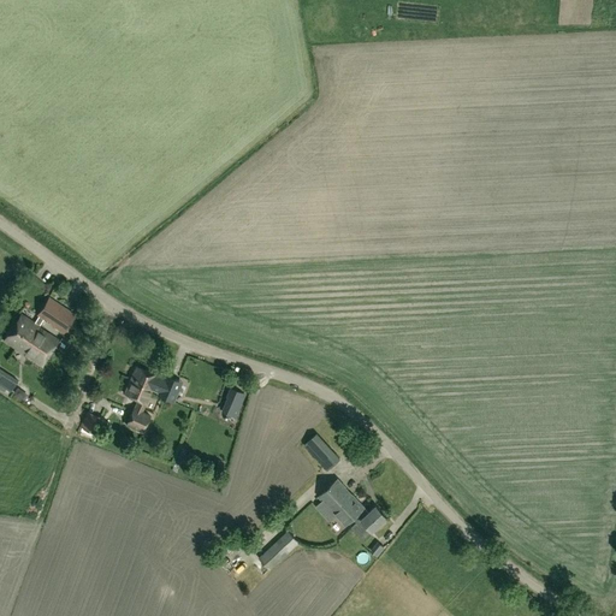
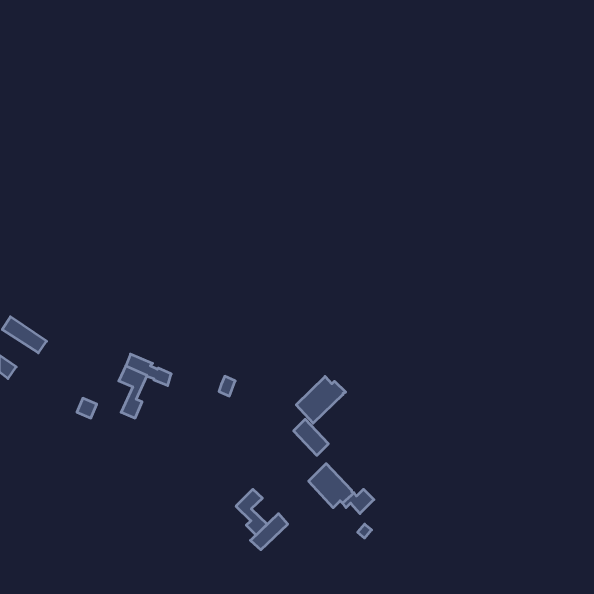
building: [11,298,75,354] -> none
building: none -> [296,376,346,423]
building: none -> [236,489,267,535]

